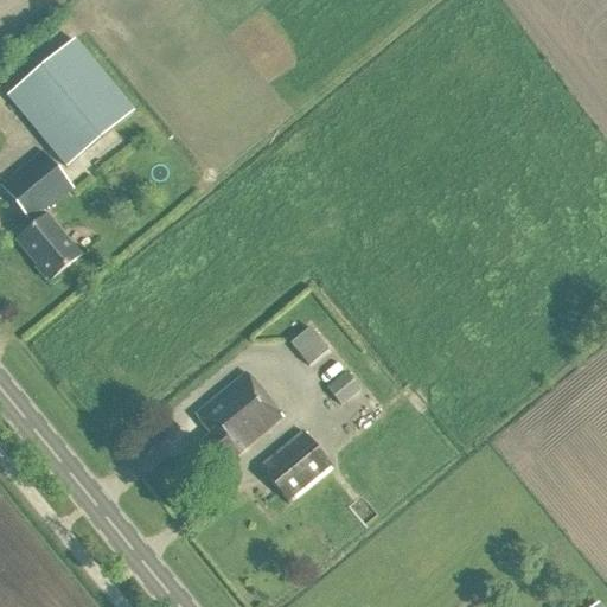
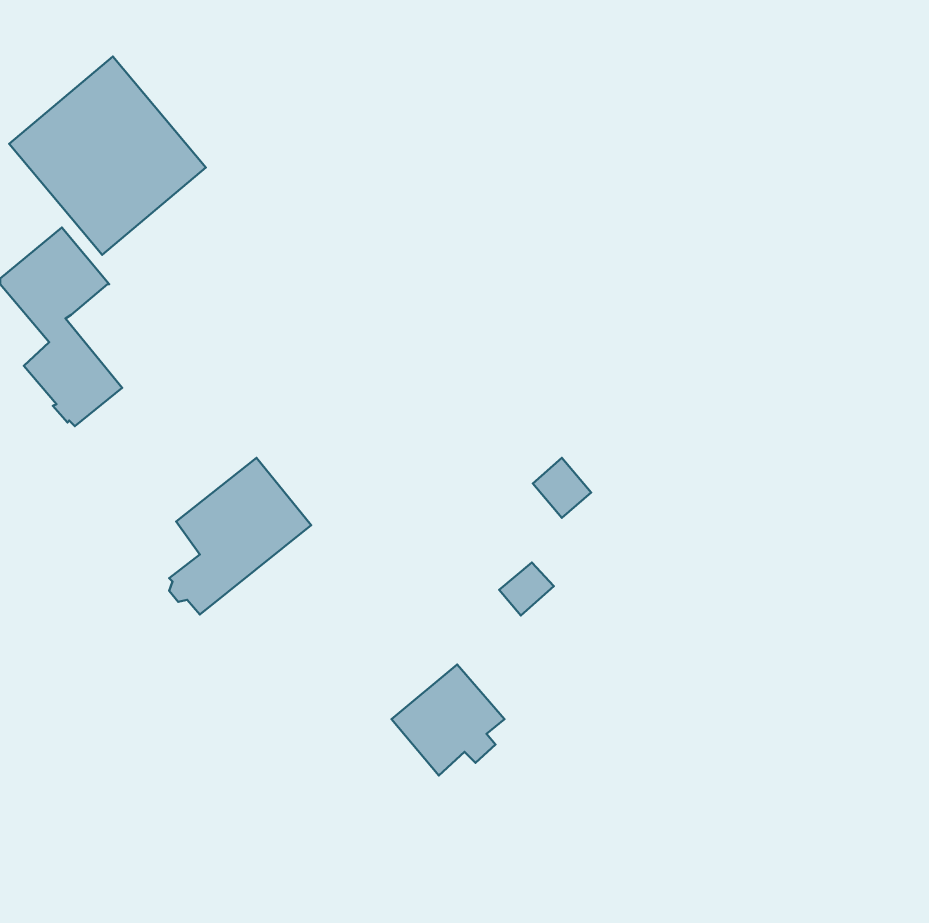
building: [290,325,328,364] -> [533,458,591,518]
building: [190,371,282,473] -> [169,458,311,614]

